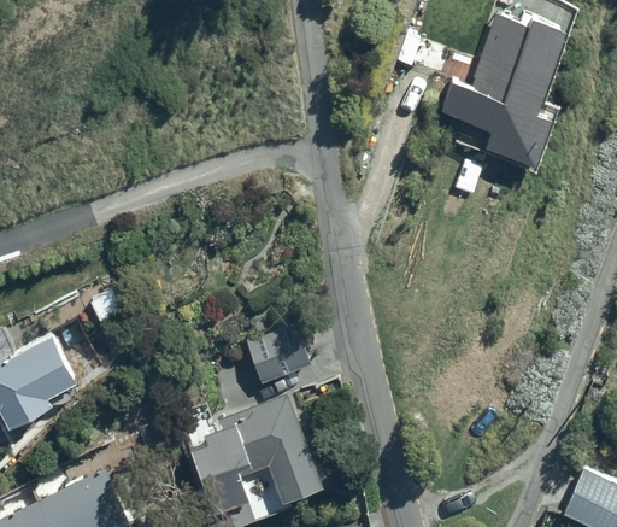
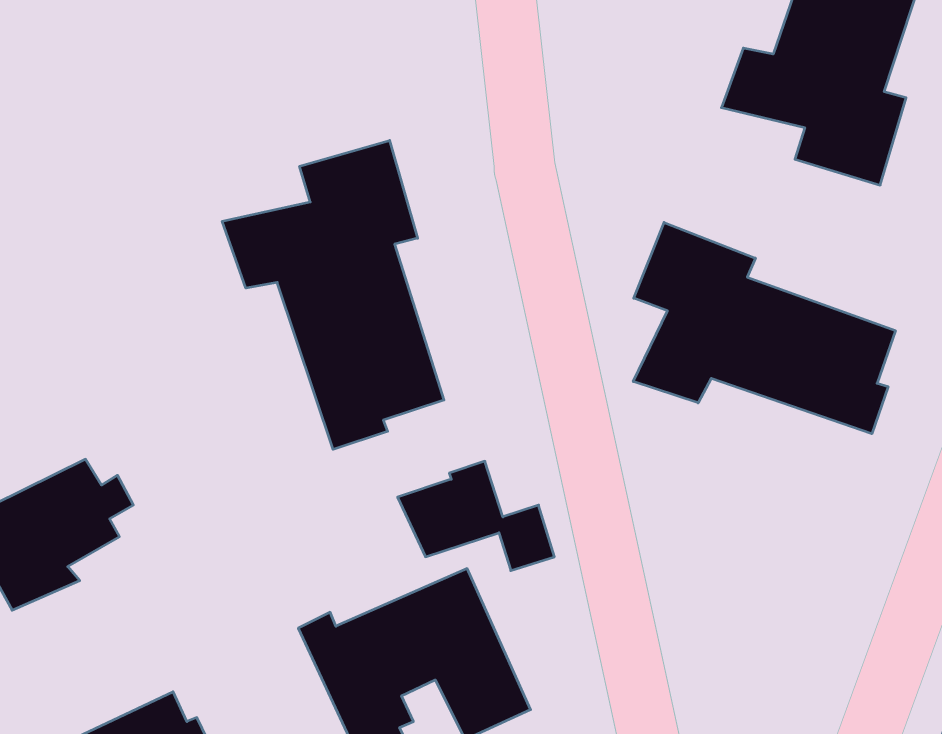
building: none -> [222,140,444,449]
building: none -> [633,222,895,434]

